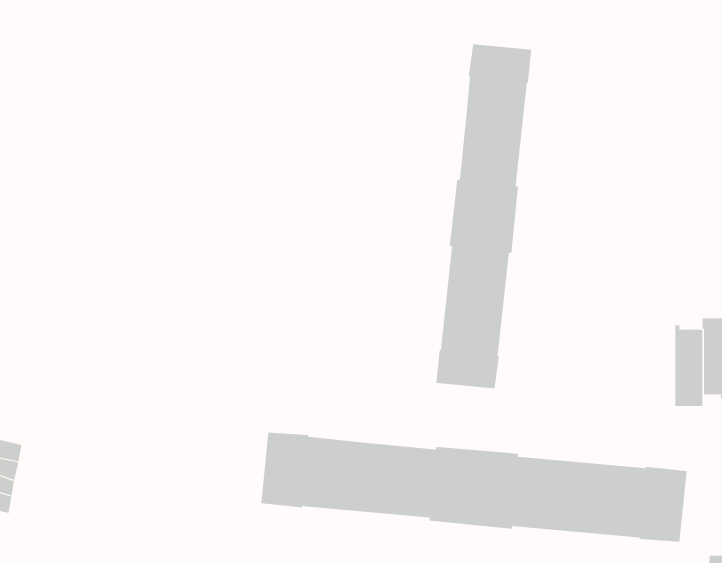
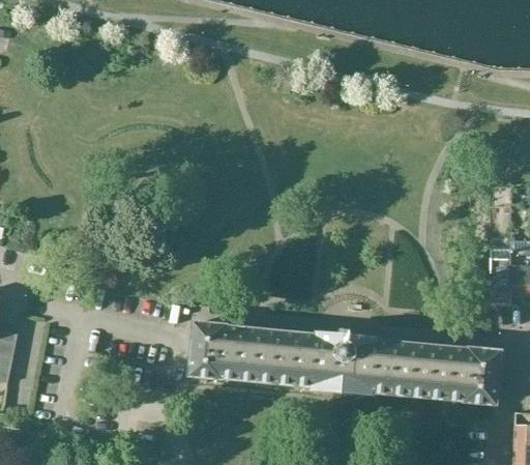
building: [436,43,532,389] -> none

